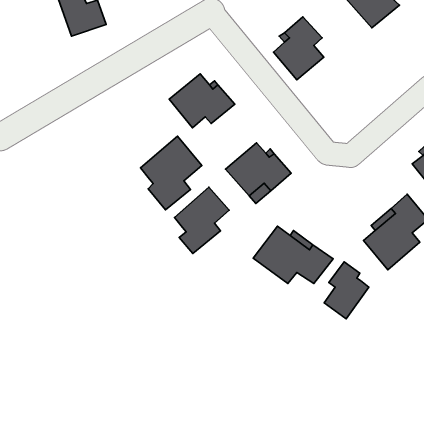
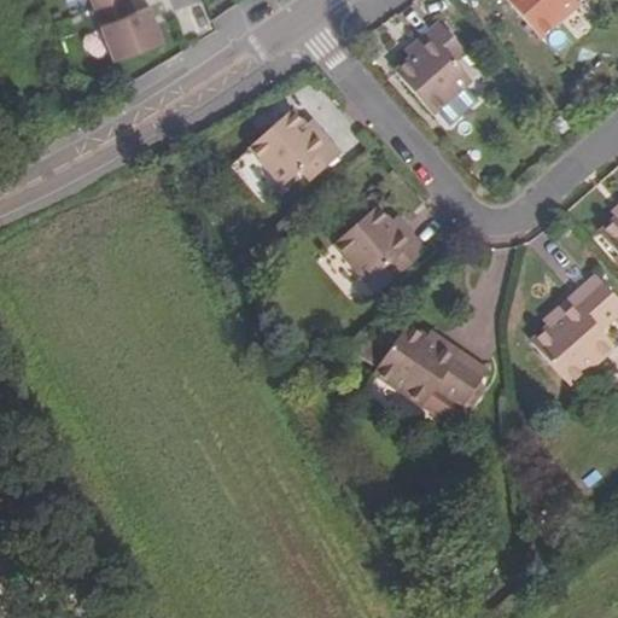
building: [140,136,202,210] -> none
building: [174,187,229,254] -> none
building: [324,262,369,319] -> none

